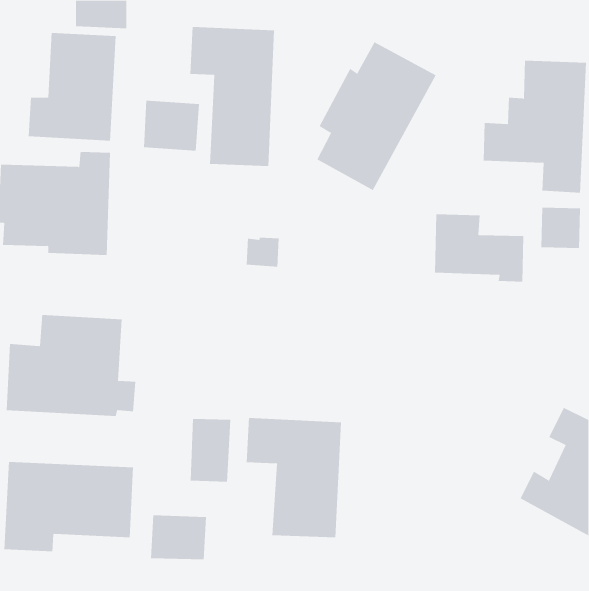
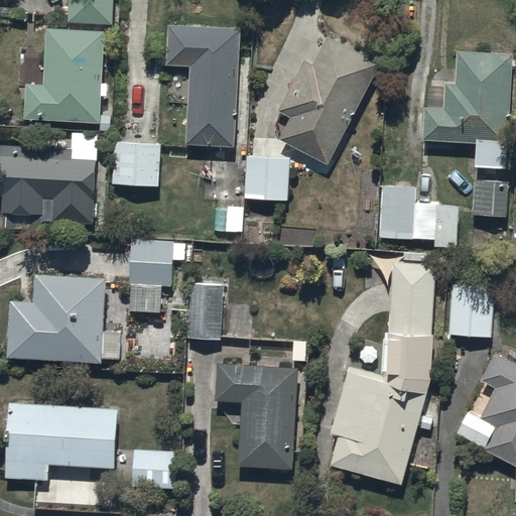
building: [143,100,200,151] -> [111,142,160,186]
building: none -> [244,155,289,201]
building: none -> [128,240,184,314]
building: none -> [329,262,435,486]
building: none -> [448,285,492,336]
building: [190,418,231,482] -> [186,284,223,340]

